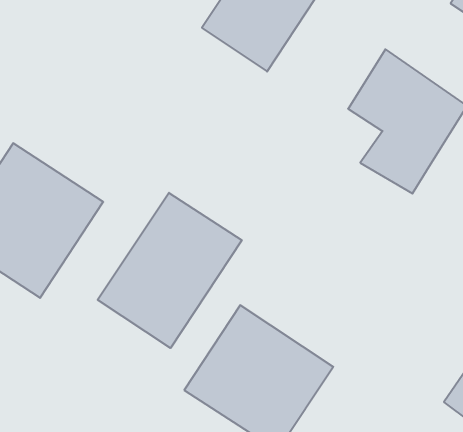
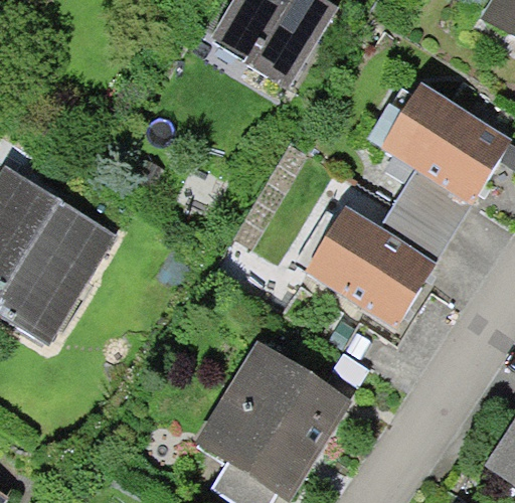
building: none -> [304,198,449,323]
building: [98,193,242,348] -> none

